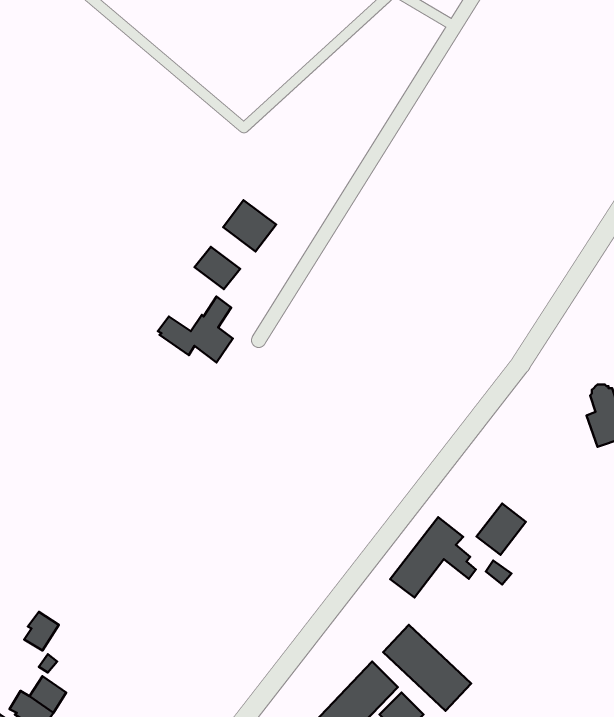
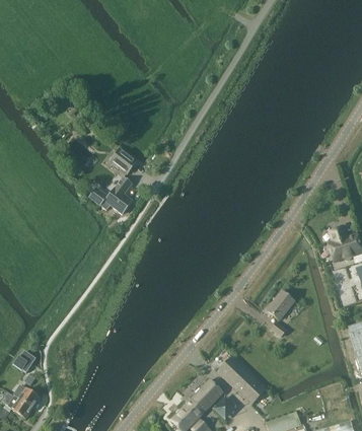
building: [223,200,276,252] -> none
building: [390,517,476,597] -> none

